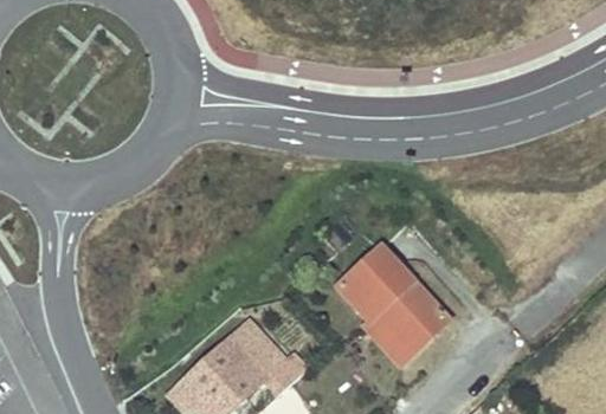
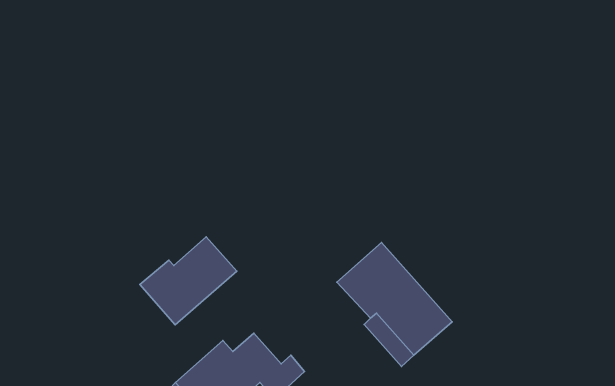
building: none -> [140,237,237,325]

